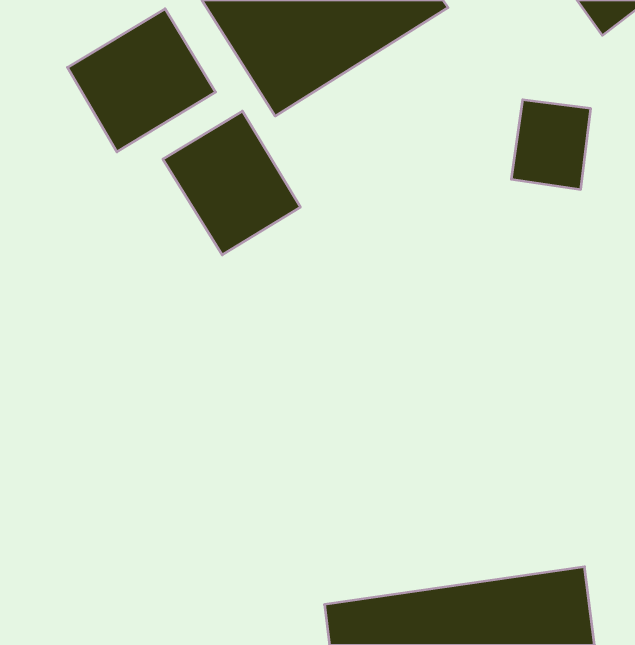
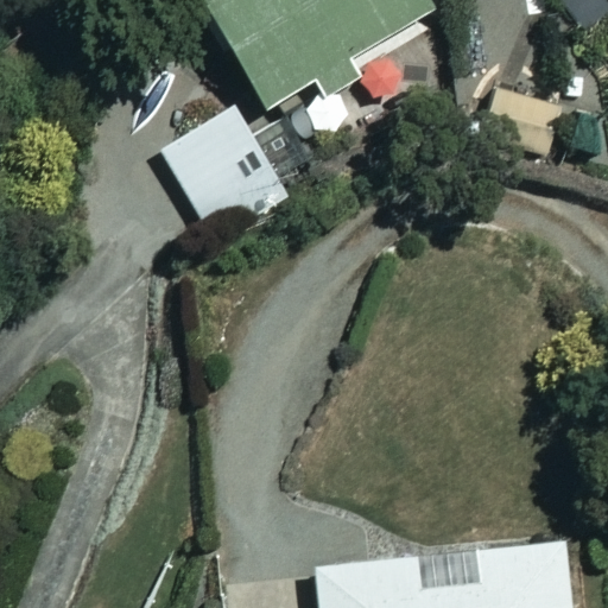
building: [67,9,216,152] -> none

